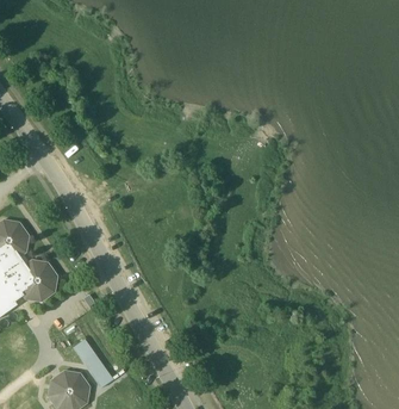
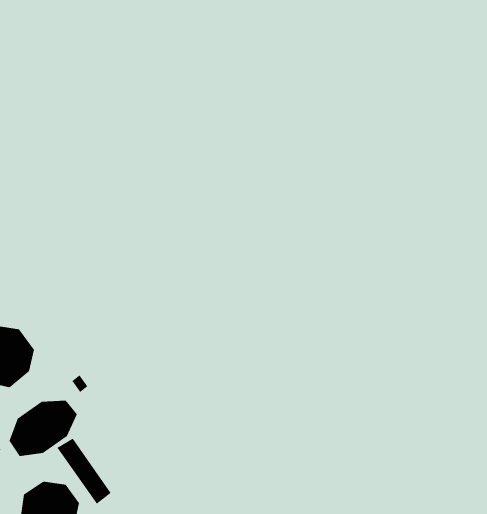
building: none -> [9,400,78,457]

